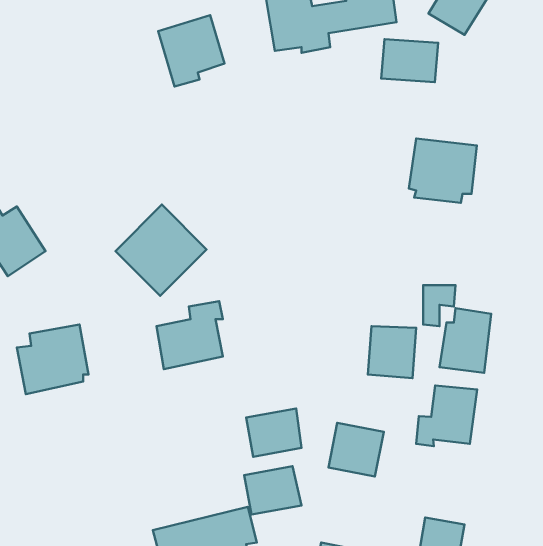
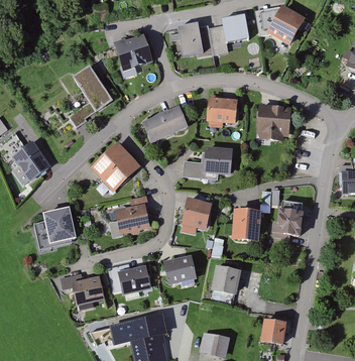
building: [381,39,438,82] -> [206,97,238,121]
building: none -> [69,68,110,127]
building: none -> [142,107,188,142]
building: none -> [185,147,234,179]
building: none -> [181,198,212,228]
building: [416,386,477,446] -> none
building: none -> [64,273,105,312]
building: [244,466,301,515] -> [117,267,149,294]

